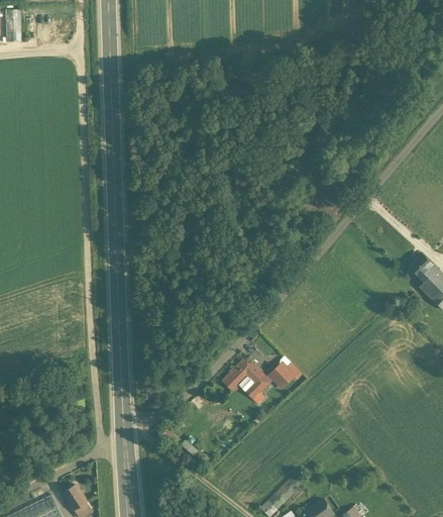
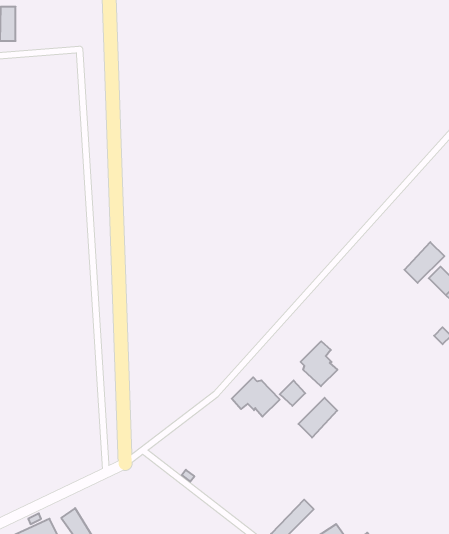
building: none -> [404,242,444,283]
building: none -> [301,341,337,386]
building: none -> [298,398,337,438]

